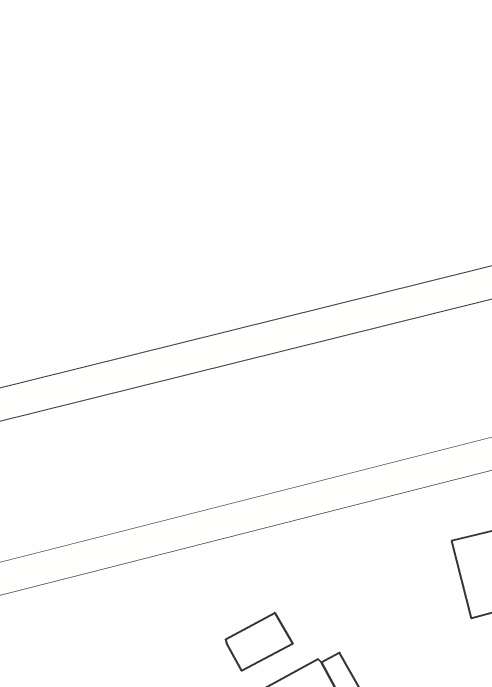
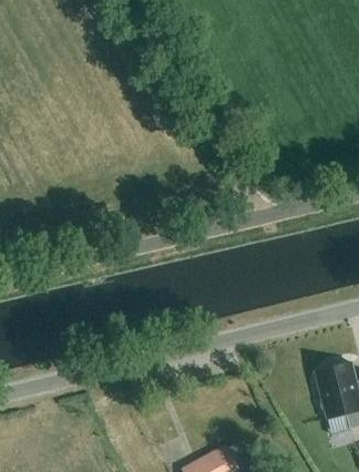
building: [226,613,293,671] -> none

